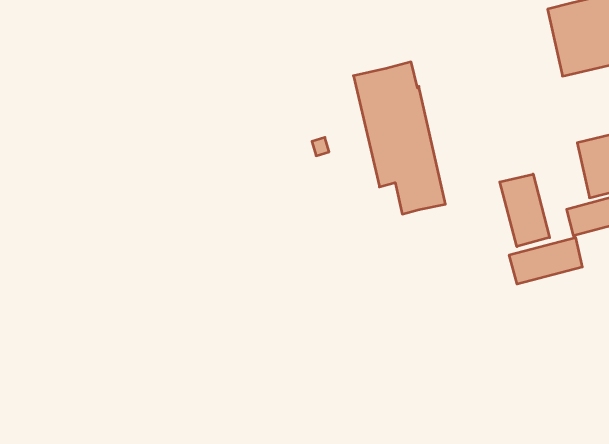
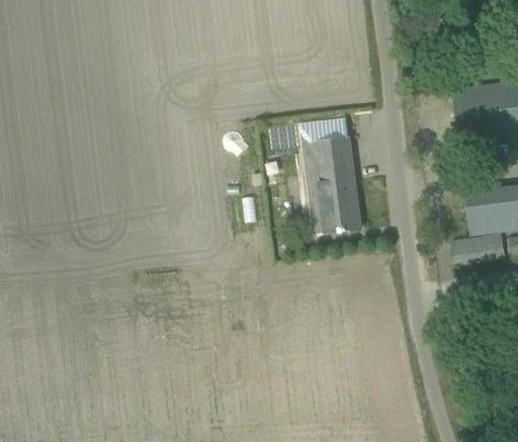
building: [500,174,550,247] -> none
building: [509,237,582,284] -> none

